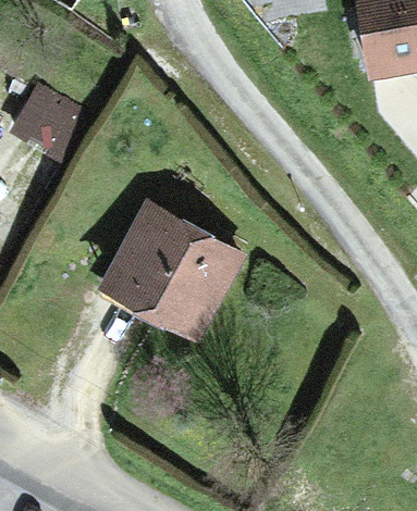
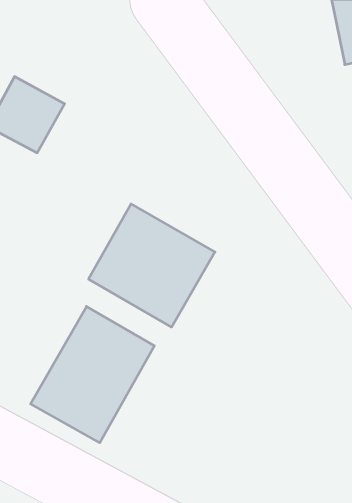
building: none -> [31,306,154,443]

